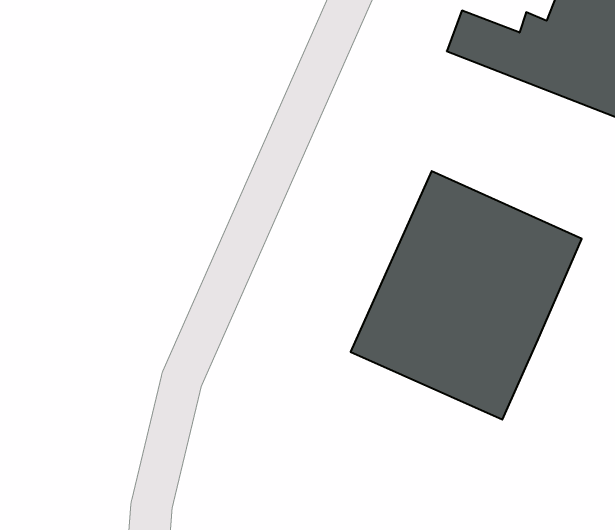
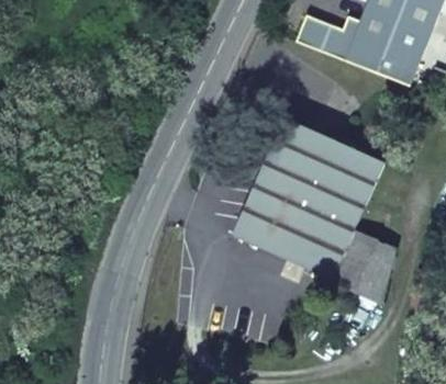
building: none -> [333,228,395,301]

